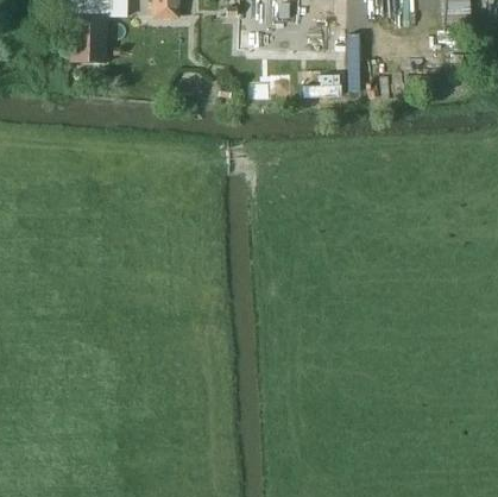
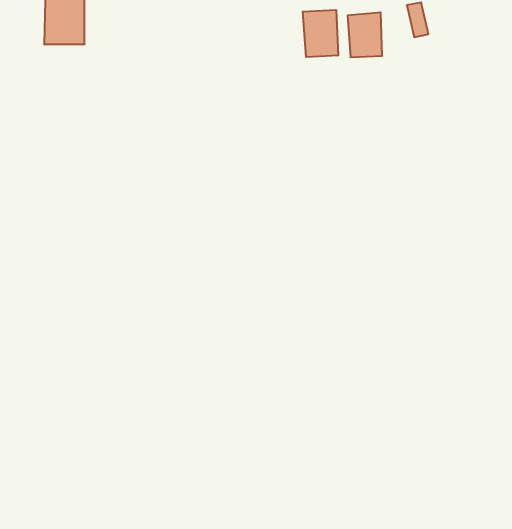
building: none -> [303,10,338,57]

